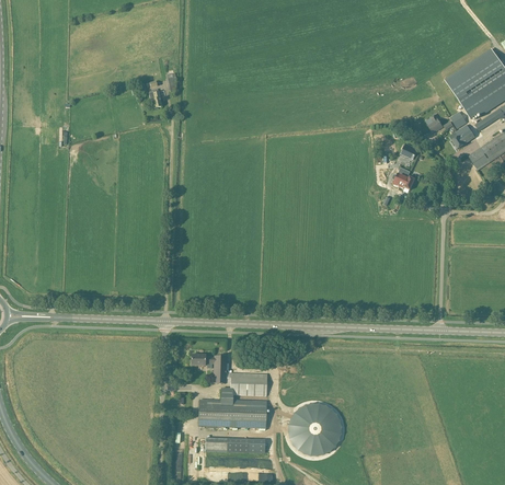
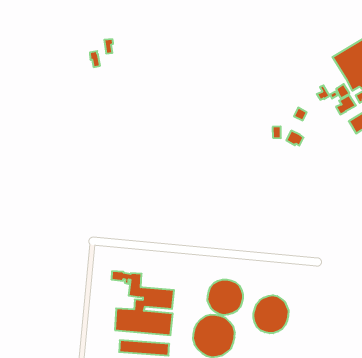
building: none -> [208,280,243,315]
building: none -> [254,295,289,333]

